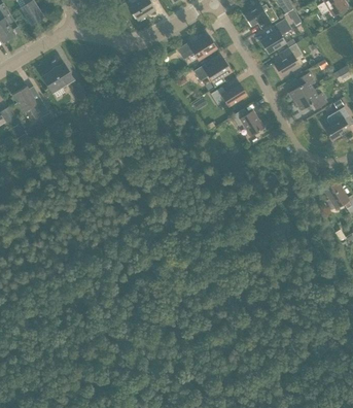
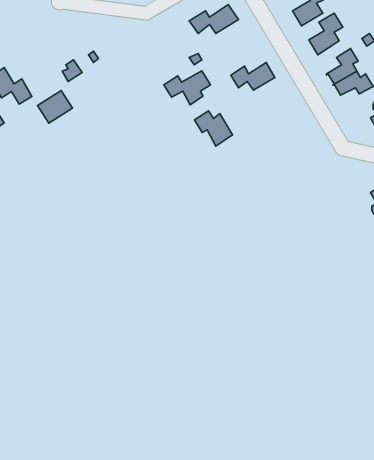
building: [192,59,231,87] -> [164,71,210,105]
building: [43,64,72,91] -> [37,90,73,123]
building: [232,107,262,136] -> [195,111,232,146]

